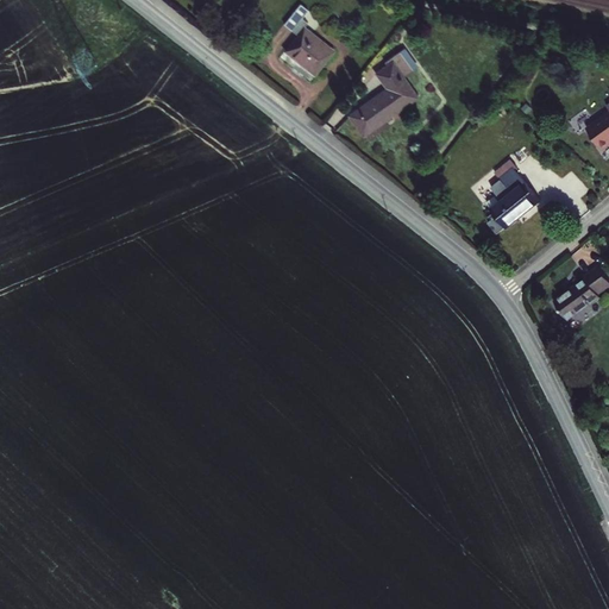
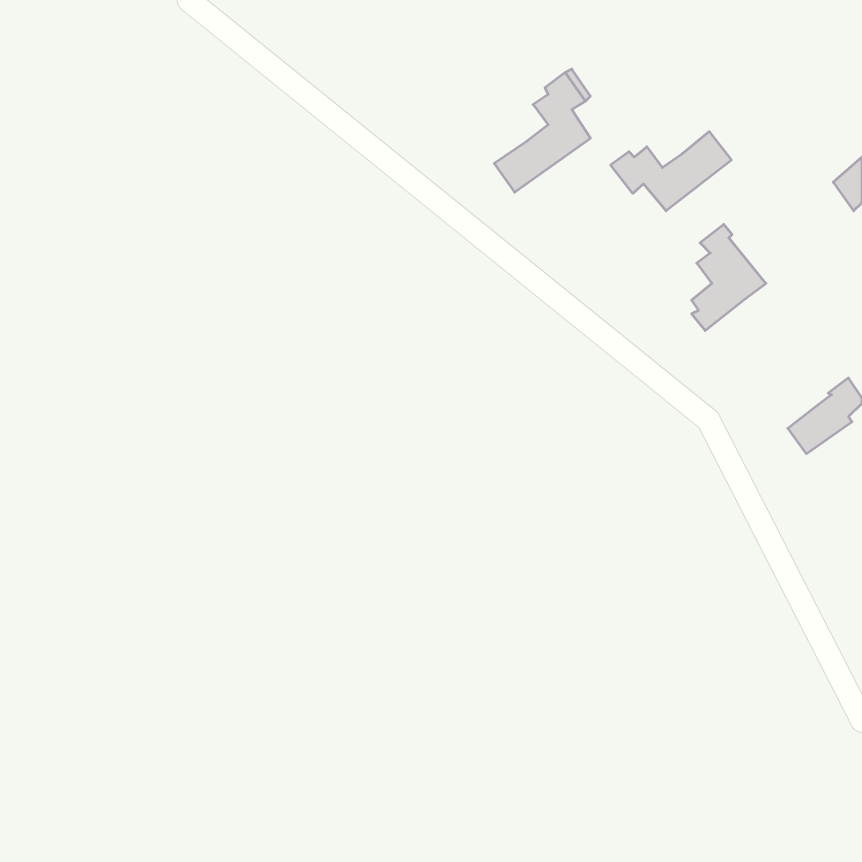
building: [283,5,333,74] -> none
building: none -> [611,132,731,211]

